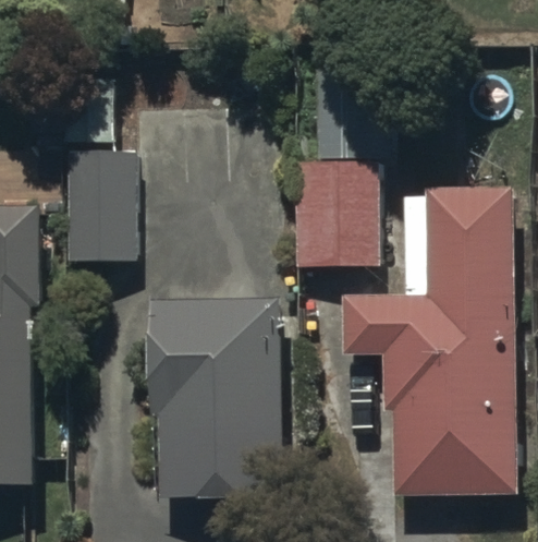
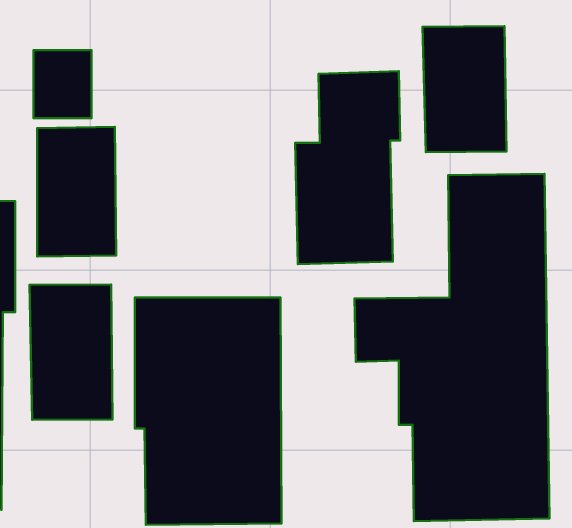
building: none -> [423,26,506,152]
building: none -> [29,285,113,420]

